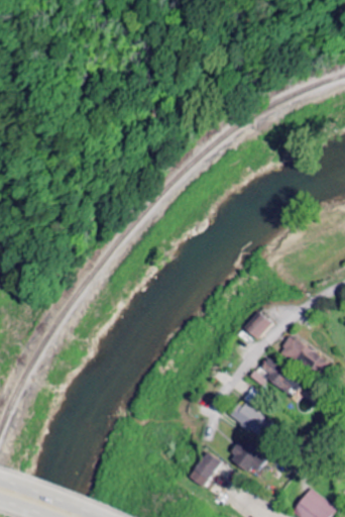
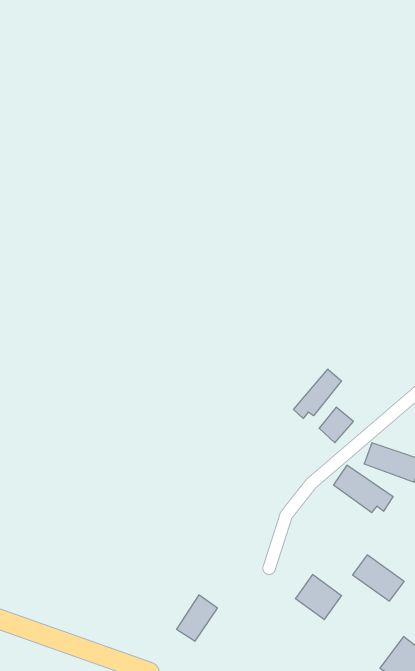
building: none -> [294,369,342,418]
building: [228,400,267,435] -> [353,555,404,601]
building: [189,451,220,487] -> [177,595,217,641]

